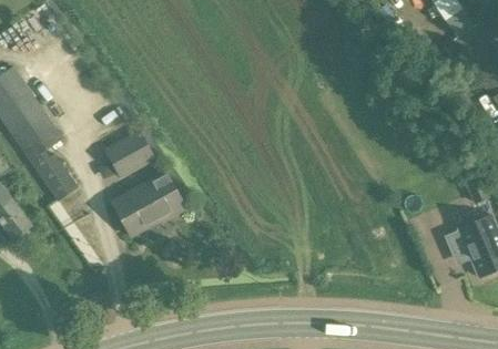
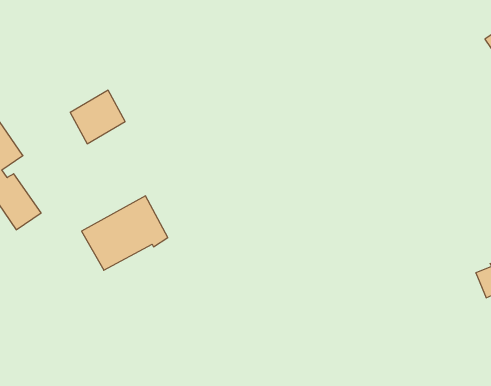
building: [106,131,153,176] -> [70,90,125,144]

